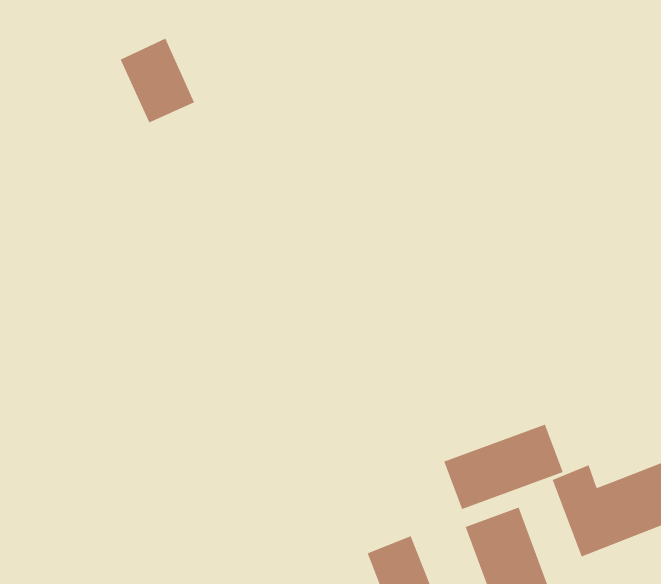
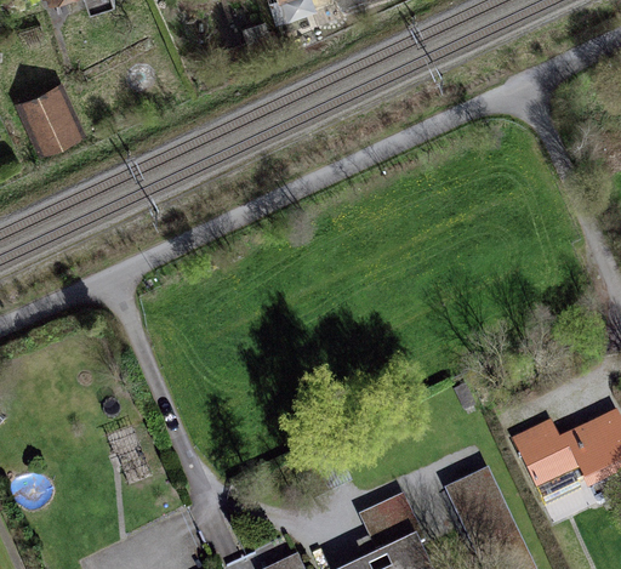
building: [120,38,195,123] -> [15,75,82,150]
building: [444,424,563,510] -> none

